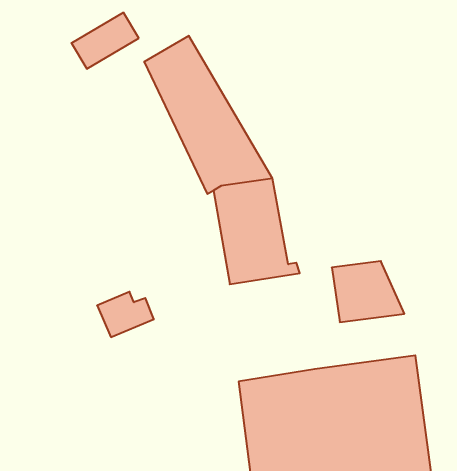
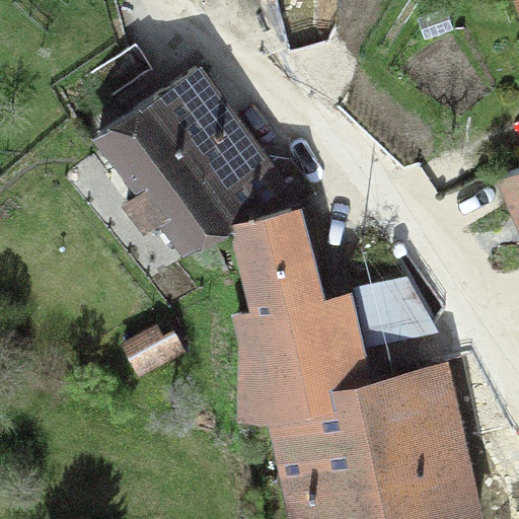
building: none -> [99,97,226,249]
building: none -> [238,296,347,414]

